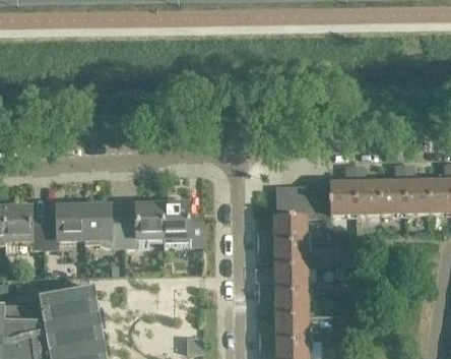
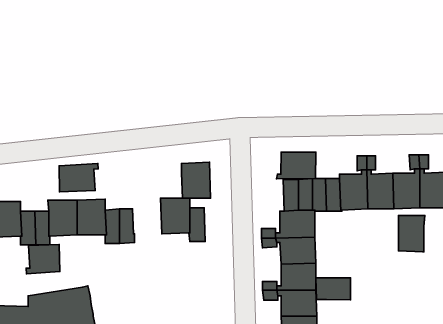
building: none -> [277,152,316,179]
building: none -> [59,163,98,192]
building: [135,204,163,238] -> [181,162,211,198]
building: none -> [399,215,425,252]
building: none -> [26,244,60,274]
building: none -> [316,278,351,300]

